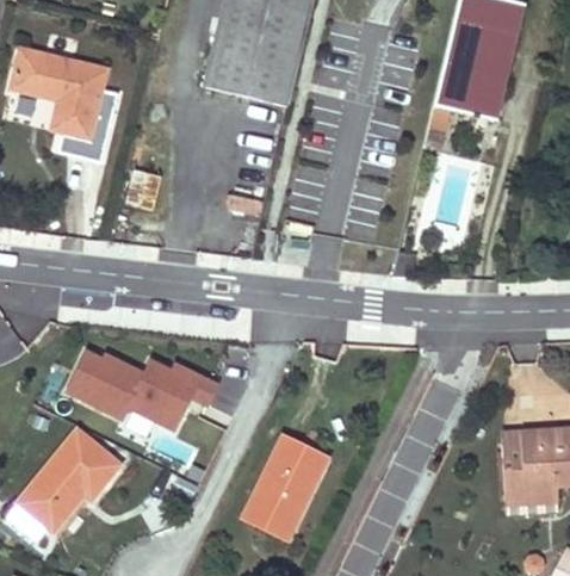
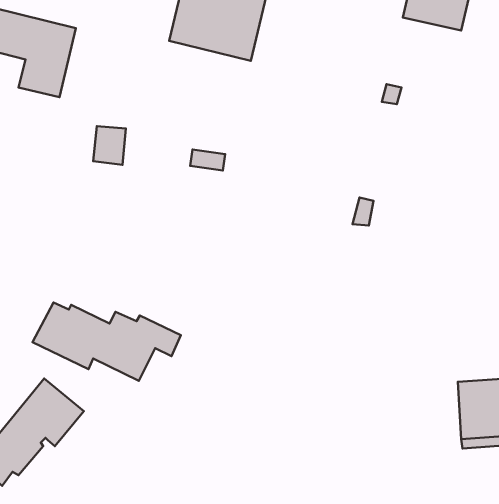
building: [434,60,504,119] -> none
building: [244,434,327,538] -> none

